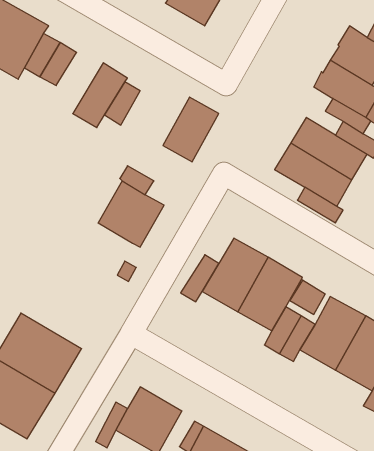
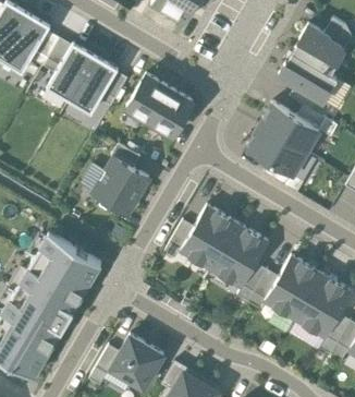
building: none -> [49,44,97,99]
building: none -> [123,71,171,127]
building: none -> [26,233,100,301]

